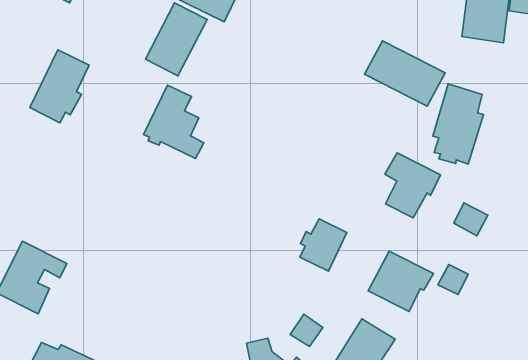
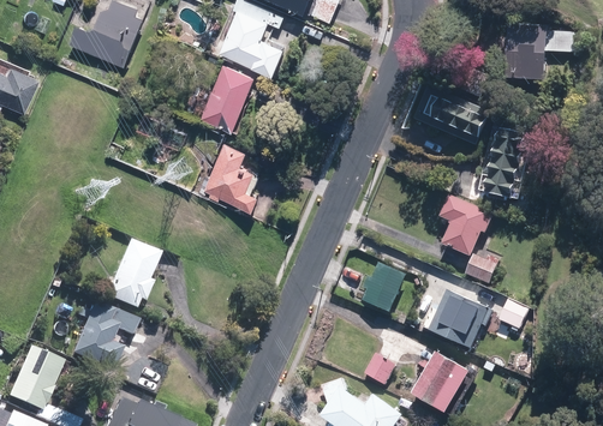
building: [30,50,89,123] -> [102,239,157,310]
building: [454,203,488,236] -> [465,254,497,286]

